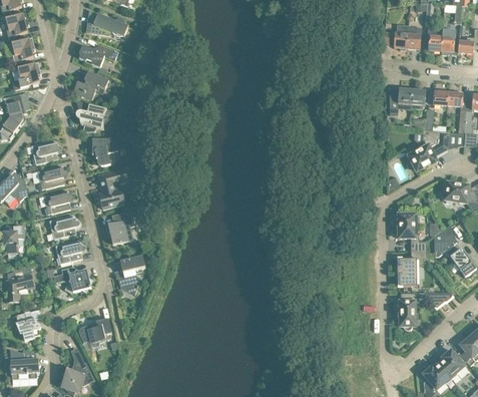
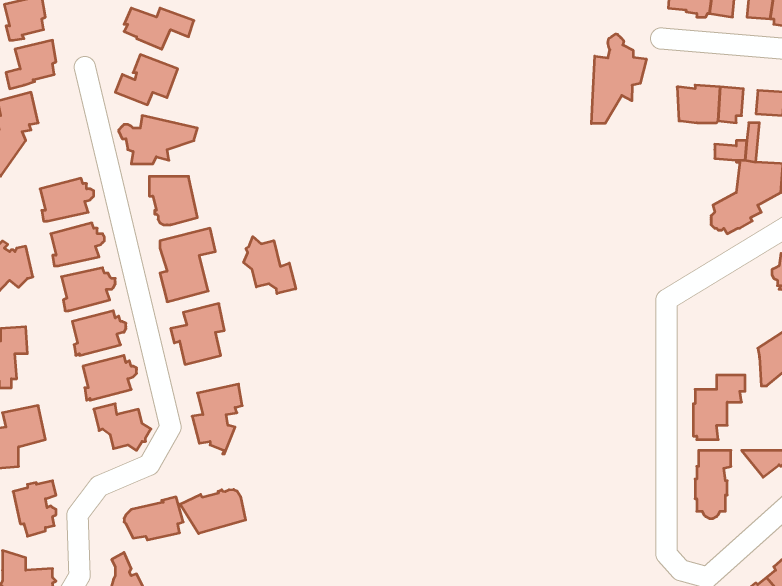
building: none -> [591,34,646,124]
building: none -> [244,237,296,294]
building: [397,214,426,250] -> none
building: none -> [180,489,246,534]

